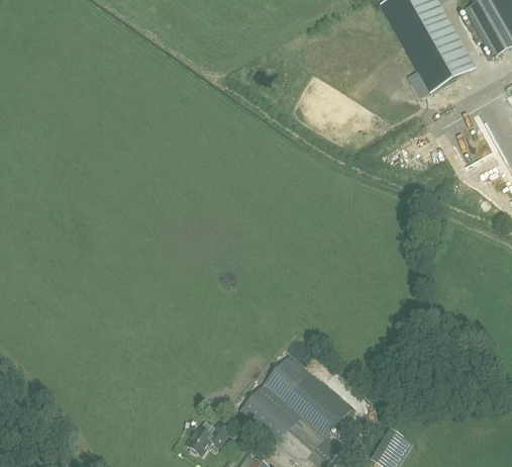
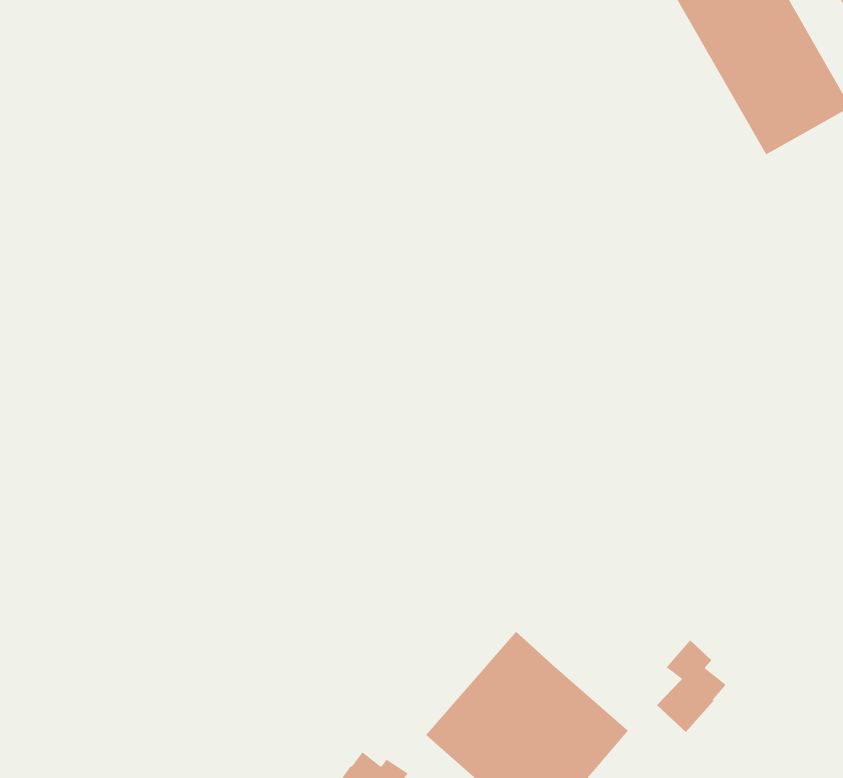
building: none -> [656,639,726,733]

